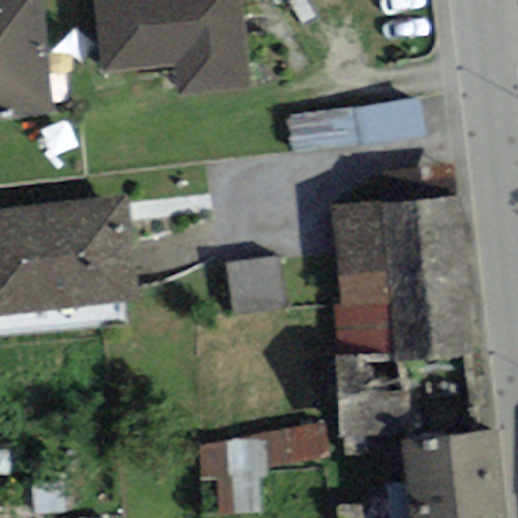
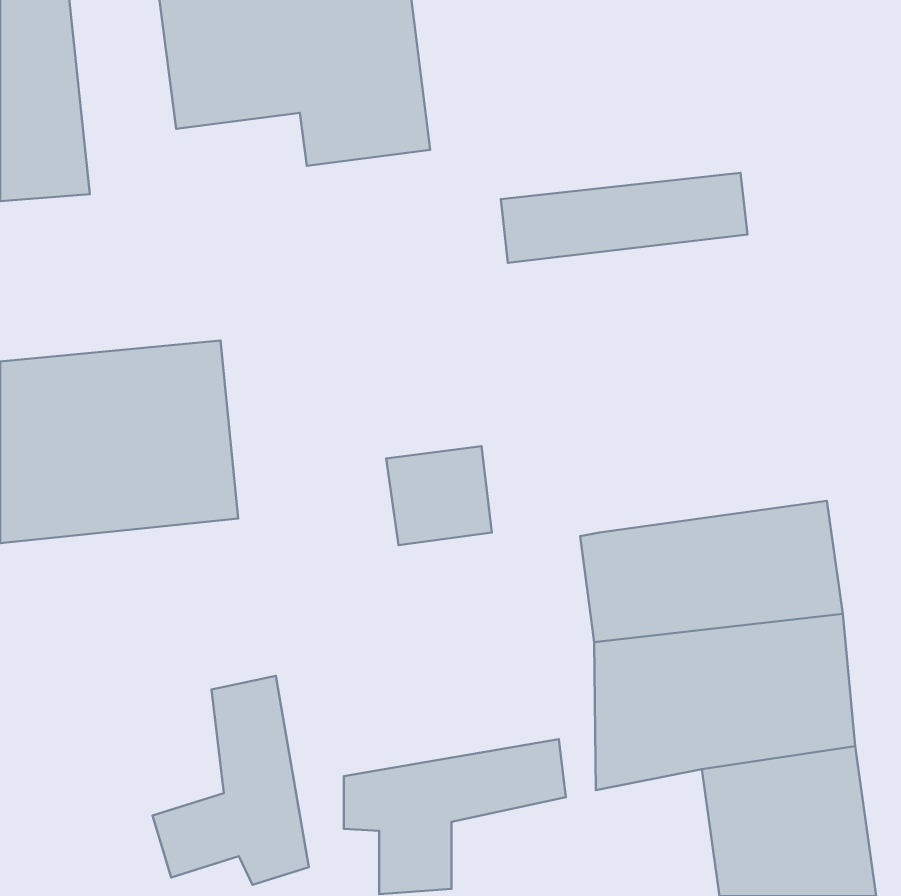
building: [331,192,474,306] -> none
building: none -> [152,676,309,885]

